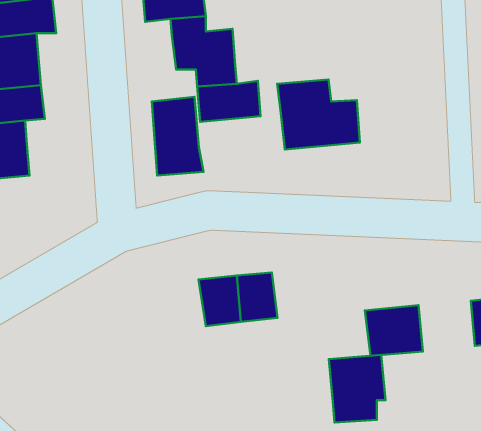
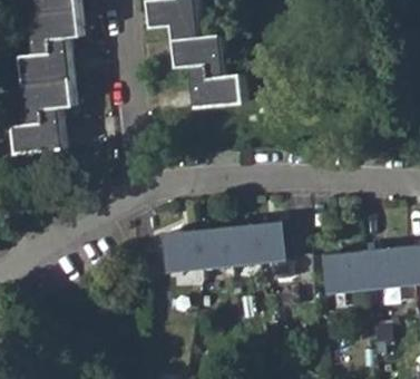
building: [277,80,360,149] -> none
building: [152,97,204,176] -> none
building: none -> [250,223,282,262]
building: none -> [162,232,197,271]
building: [329,355,385,423] -> [365,249,410,302]

